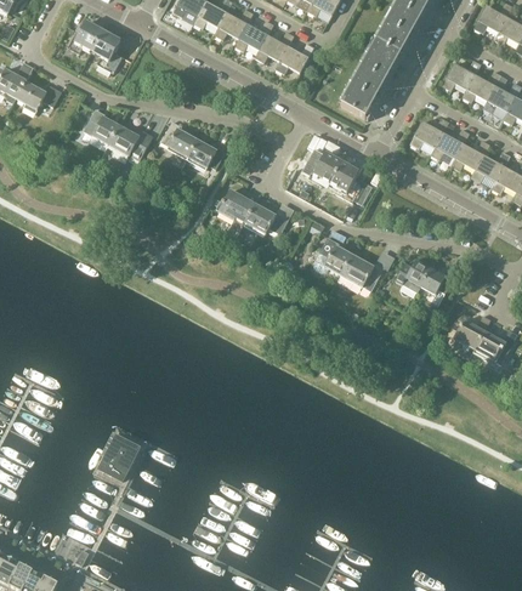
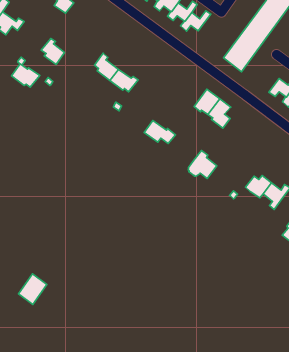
building: [109,125,148,155] -> [12,64,40,87]
building: [217,186,259,231] -> none
building: [340,254,384,289] -> none

